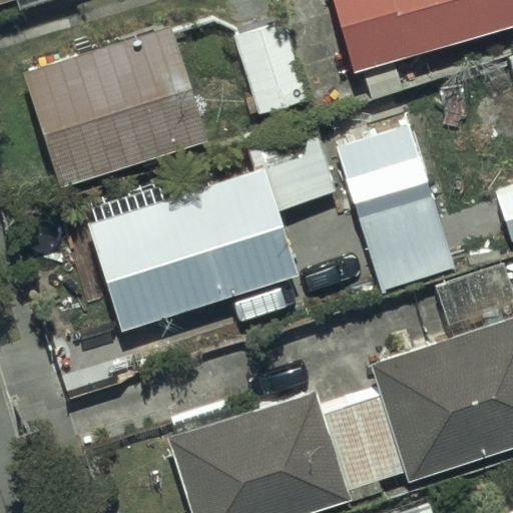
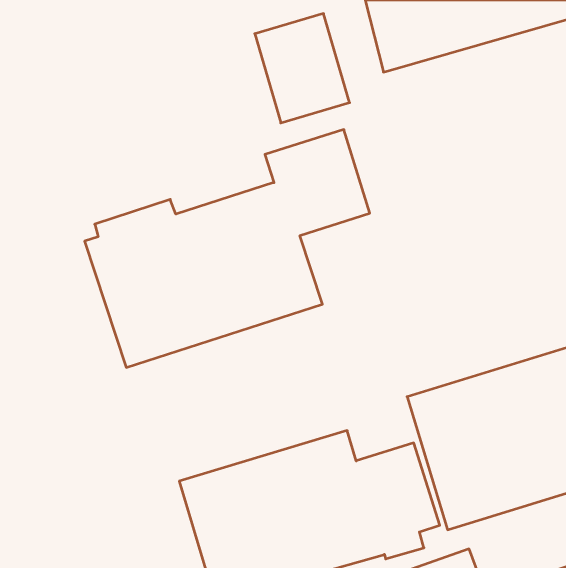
building: [20,26,204,188] -> none
building: [344,127,461,291] -> none

